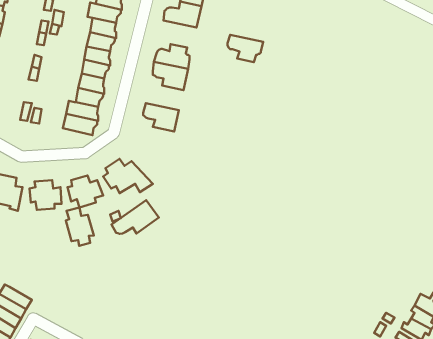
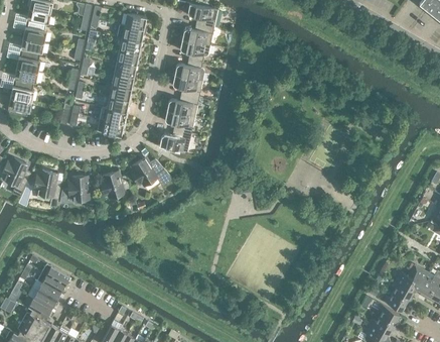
building: [228,35,263,62] -> [178,38,208,62]
building: none -> [165,94,197,115]
building: none -> [157,129,189,151]
building: [112,200,159,234] -> none
building: [66,207,94,246] -> none

